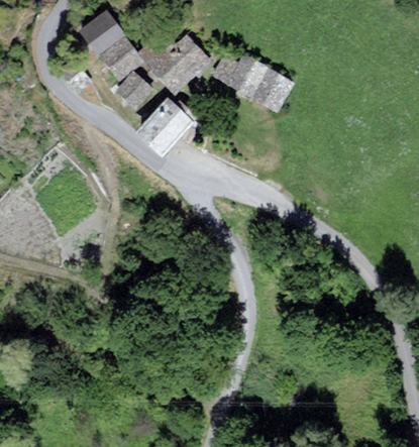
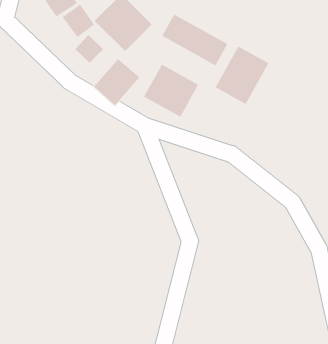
building: none -> [215,46,269,105]
building: none -> [143,64,199,117]

